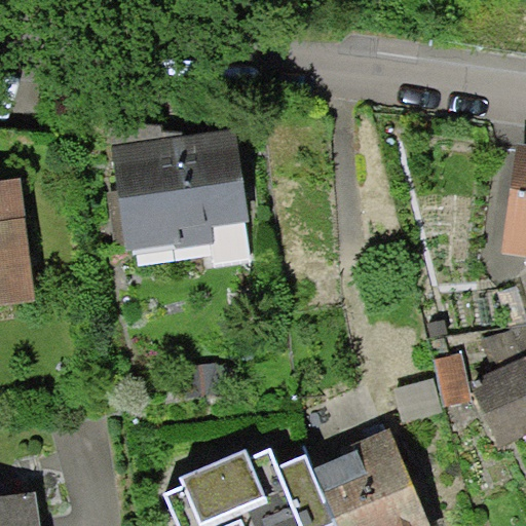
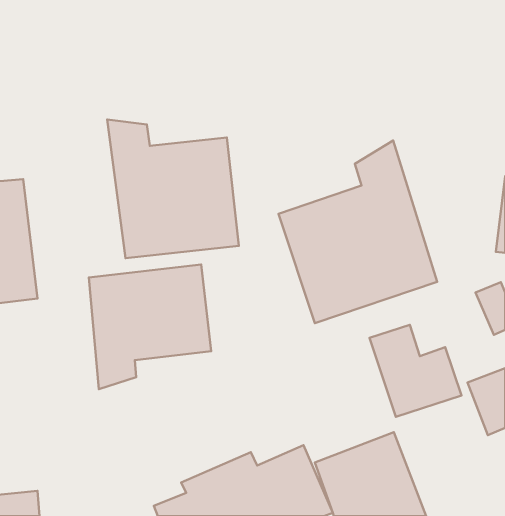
building: none -> [278,140,437,323]
building: none -> [89,264,211,389]

